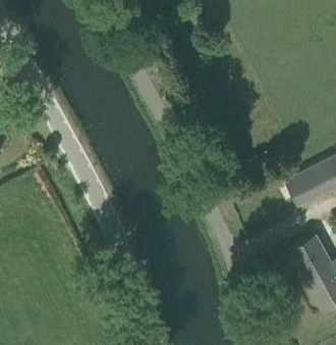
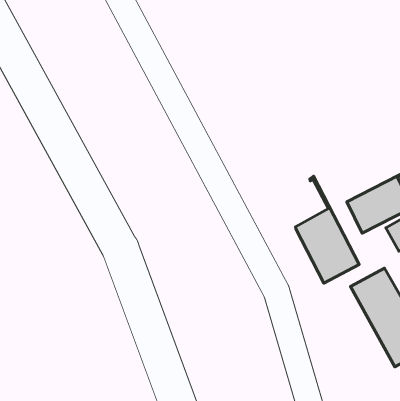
building: none -> [295,176,359,283]

